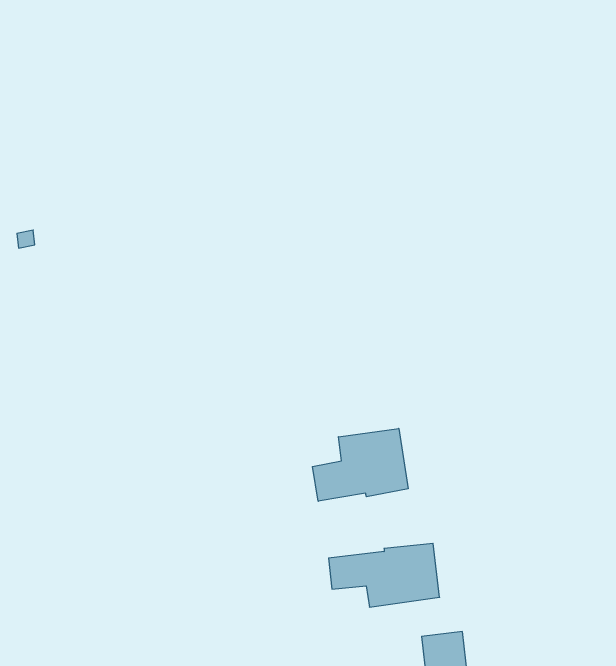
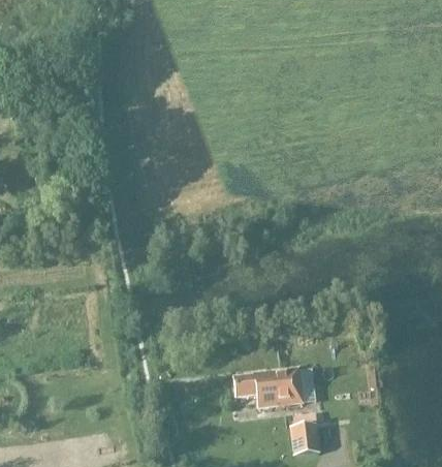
building: [312,428,408,501] -> none

